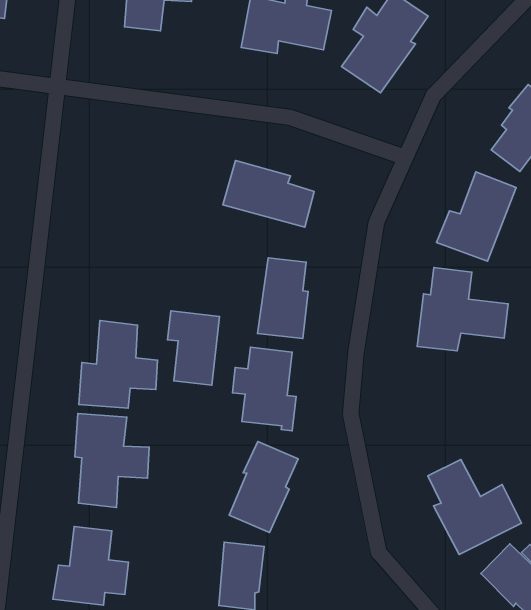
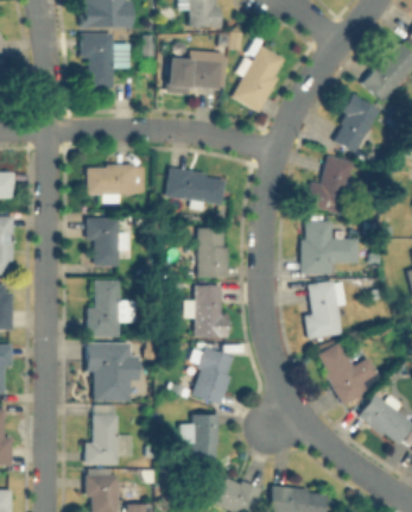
building: none -> [87,164,134,204]
building: [167,311,220,385] -> [87,220,119,265]
building: none -> [305,280,346,339]

